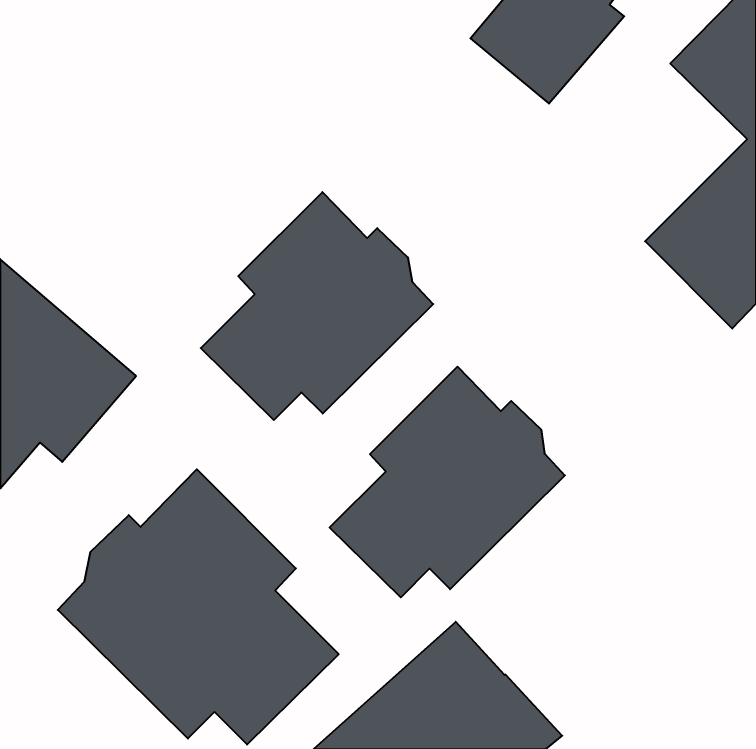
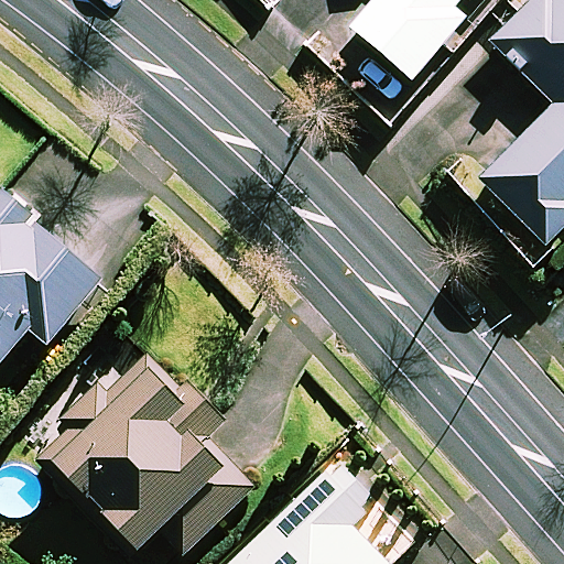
building: [201,192,433,420] -> none
building: [330,367,565,597] -> none

